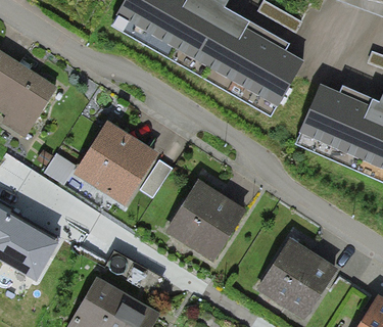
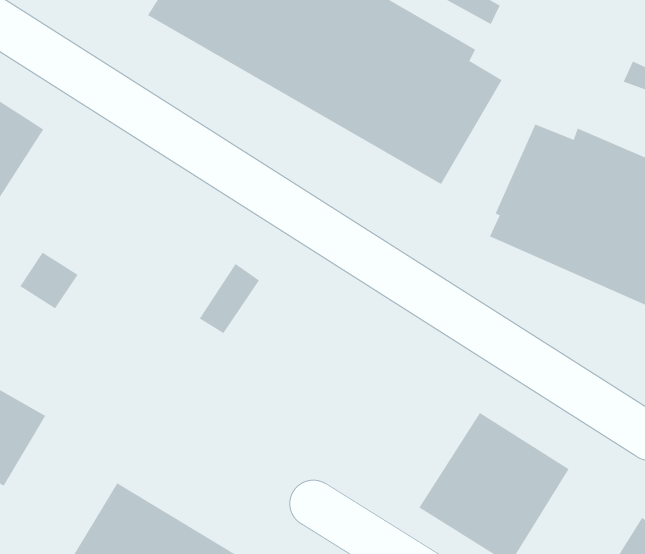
building: [74,122,159,206] -> none
building: [165,179,247,262] -> none

